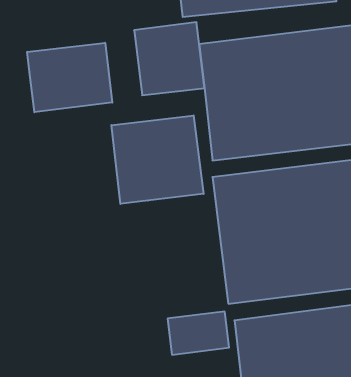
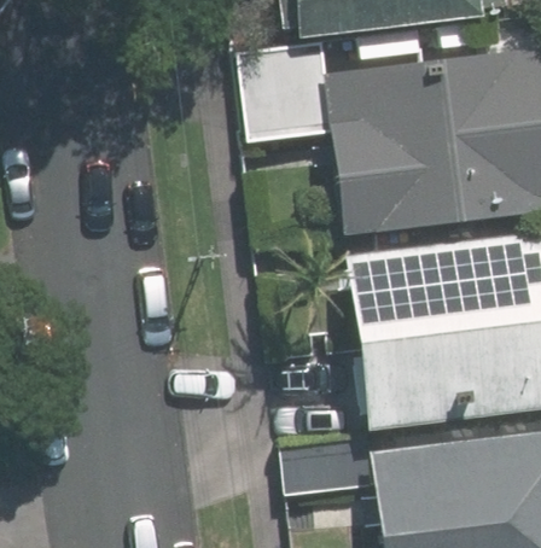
building: [27,43,112,112] -> none
building: [111,115,204,204] -> none

